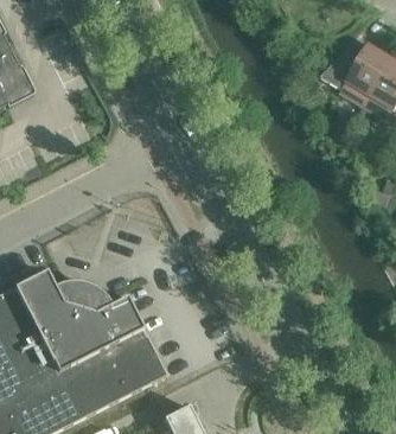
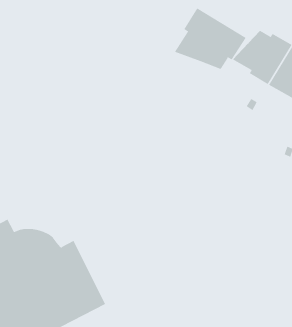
building: none -> [174,8,247,70]

